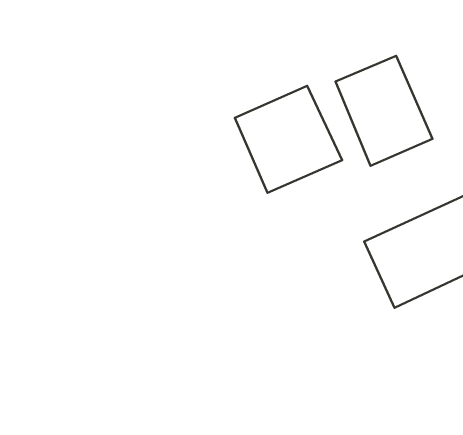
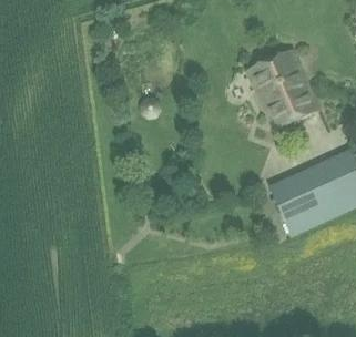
building: [235,86,342,193] -> none

